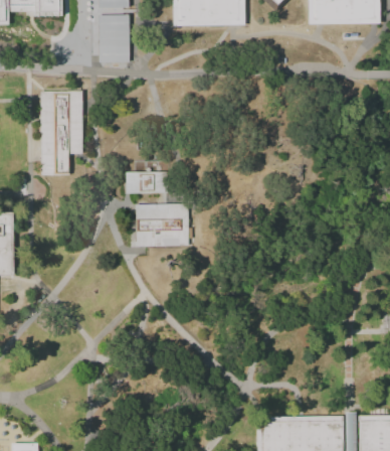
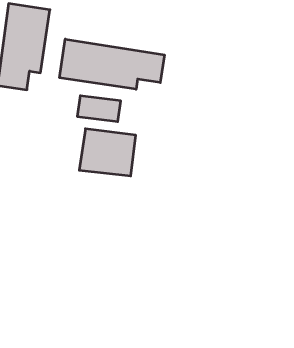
building: none -> [60,39,164,89]

